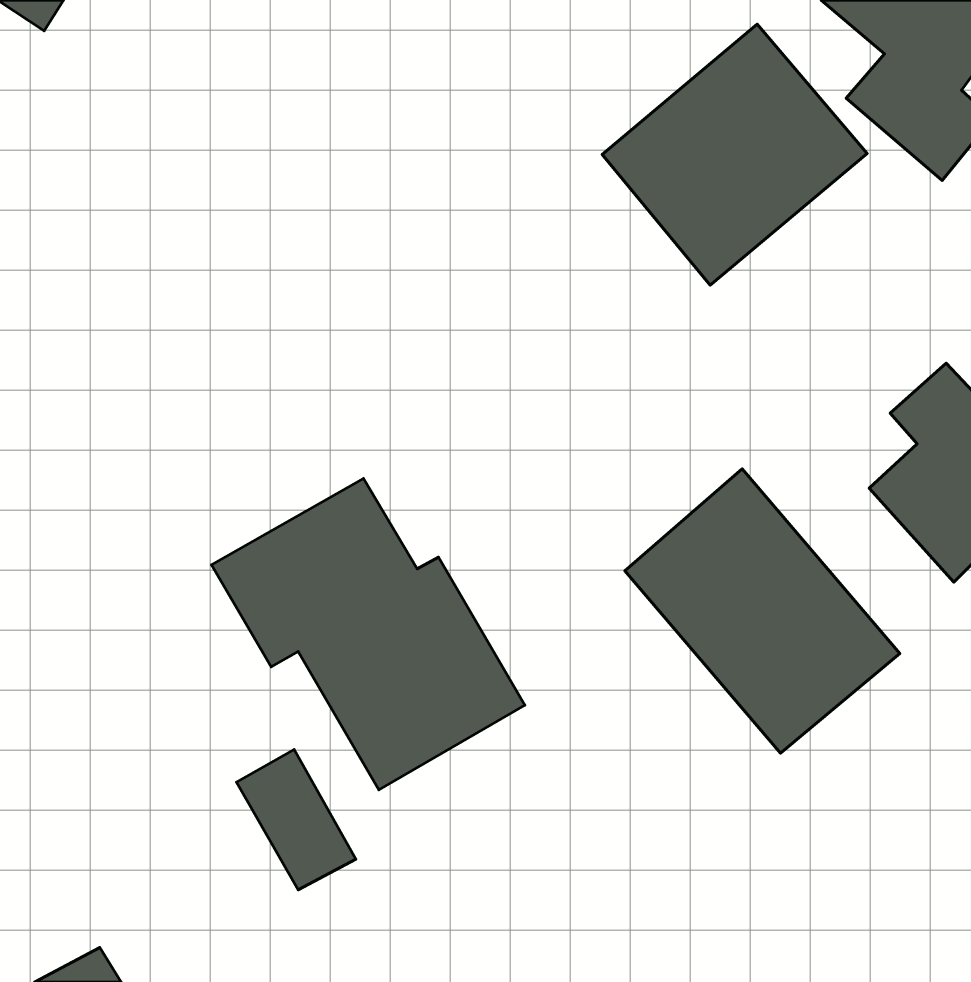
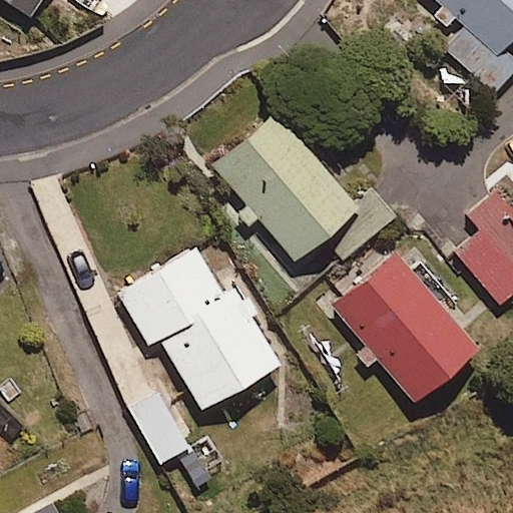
building: [602,24,867,285] -> none
building: none -> [211,115,397,268]

